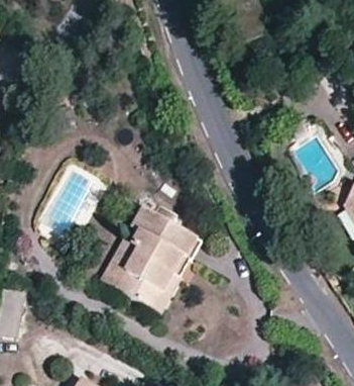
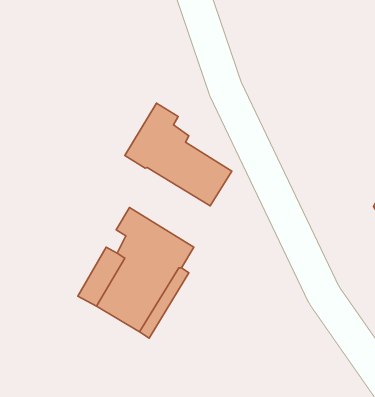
building: none -> [125,103,232,206]

